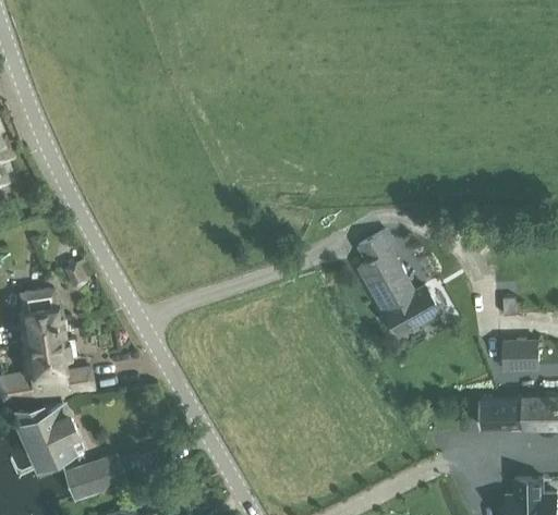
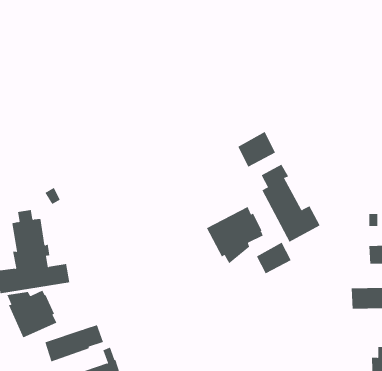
building: none -> [238,131,276,167]
building: none -> [206,206,263,264]
building: none -> [256,242,292,274]

